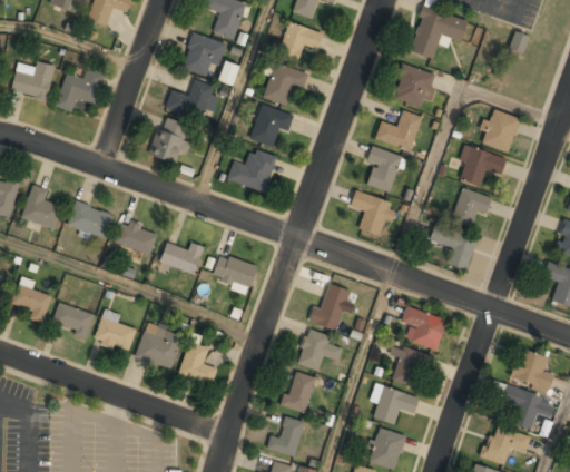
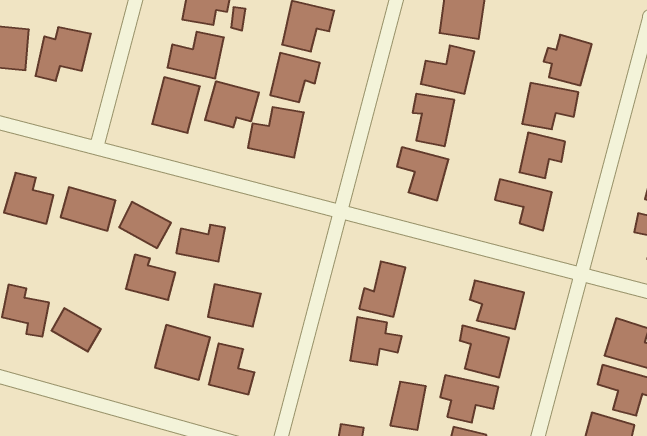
building: none -> [205,81,259,128]
building: [212,254,257,292] -> [208,284,261,327]
building: [94,313,136,353] -> [126,255,175,300]
building: [283,372,315,413] -> [390,382,426,430]

